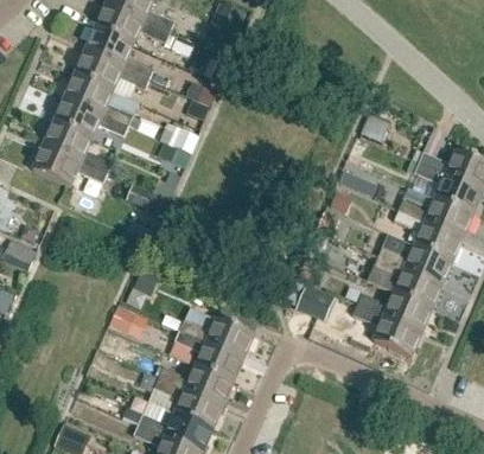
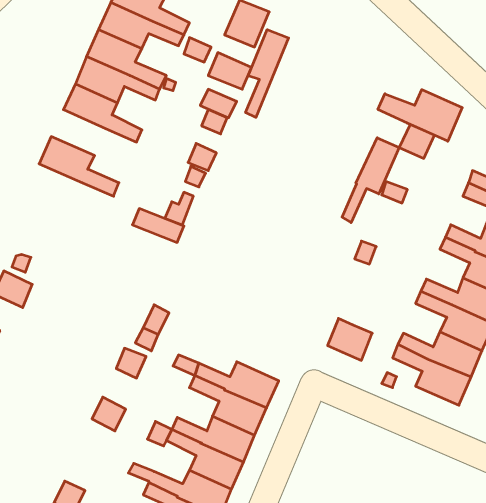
building: none -> [246,30,289,117]
building: none -> [378,90,462,141]
building: [53,97,128,138] -> none
building: none -> [342,138,399,223]
building: [32,145,108,186] -> none

